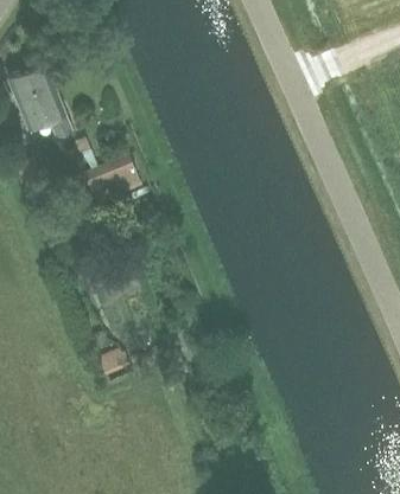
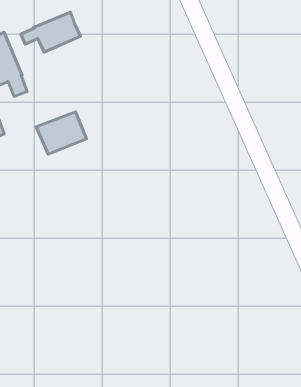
building: none -> [21,12,81,52]

